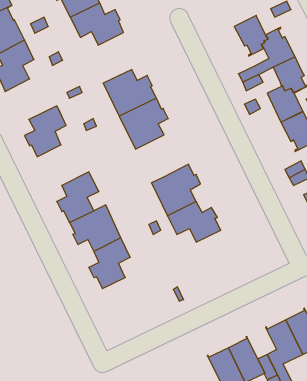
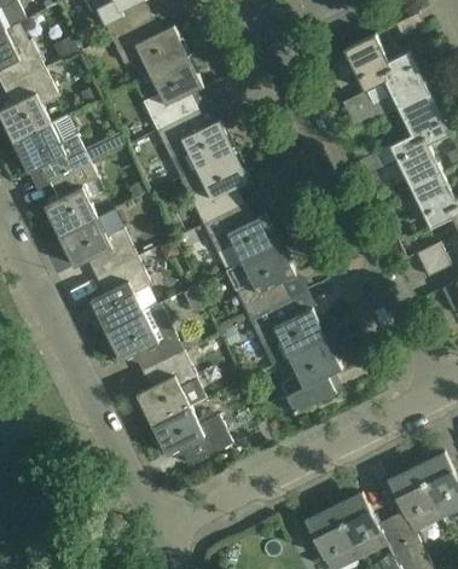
building: none -> [143,57,203,129]
building: none -> [16,116,89,181]
building: none -> [202,203,278,263]
building: none -> [62,217,135,275]
building: none -> [280,339,342,411]
building: none -> [155,407,231,464]

